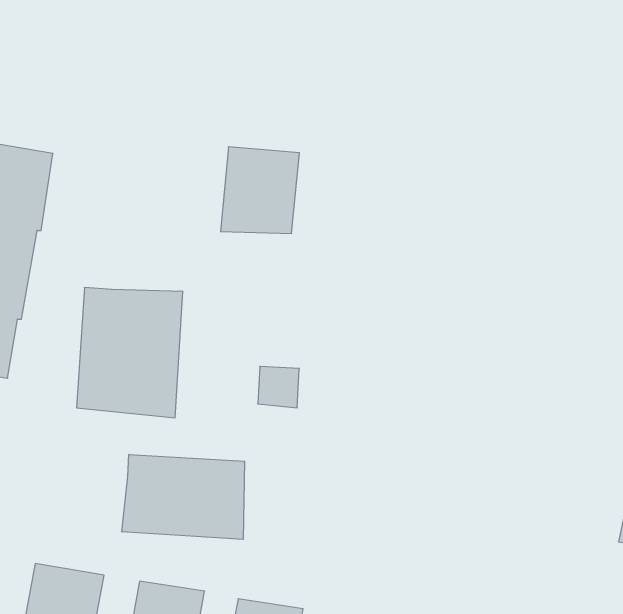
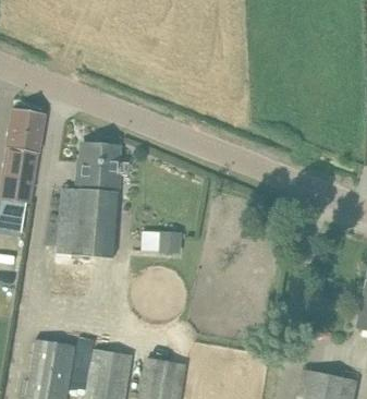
building: [221,147,299,234] -> [77,142,121,190]
building: [122,454,245,539] -> none

